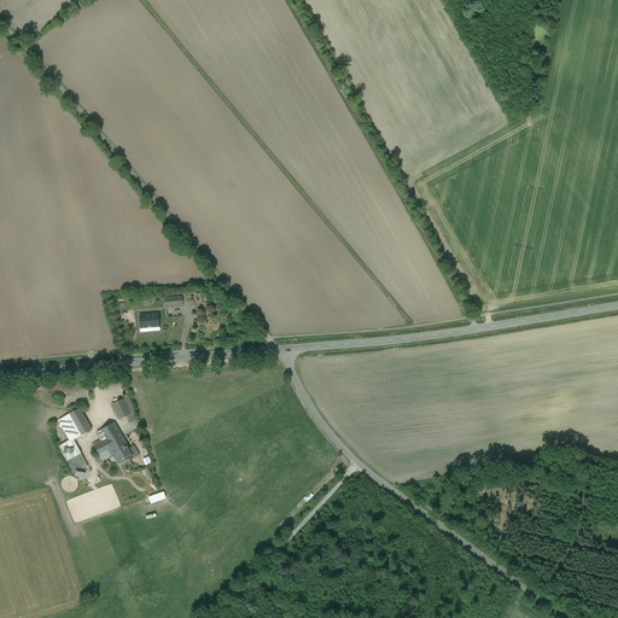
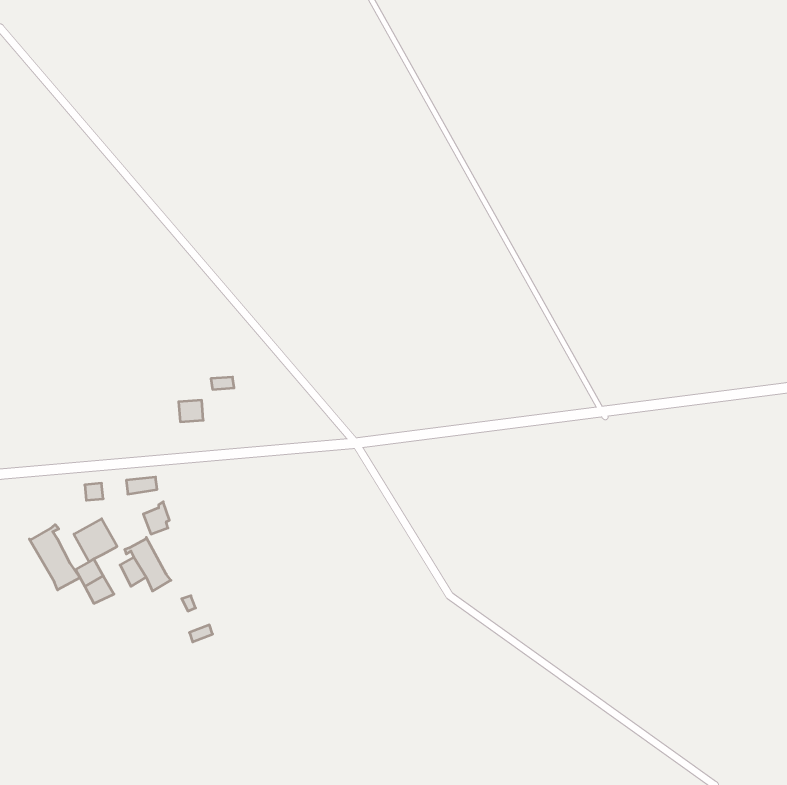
building: none -> [29,525,80,590]

